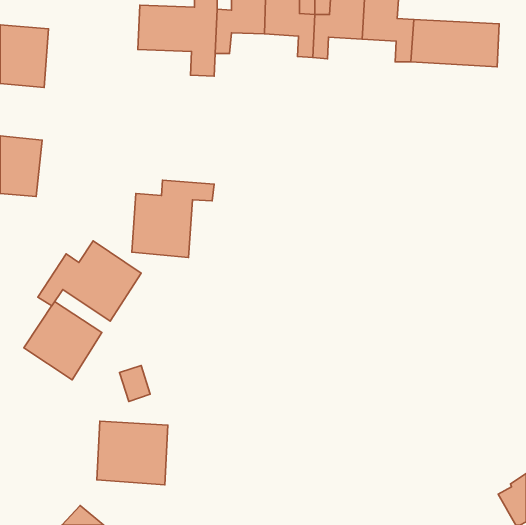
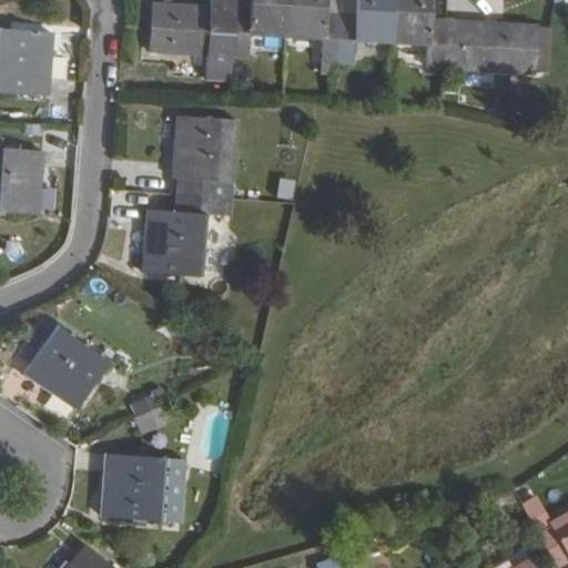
building: none -> [173,115,236,199]
building: [38,241,141,321] -> none

